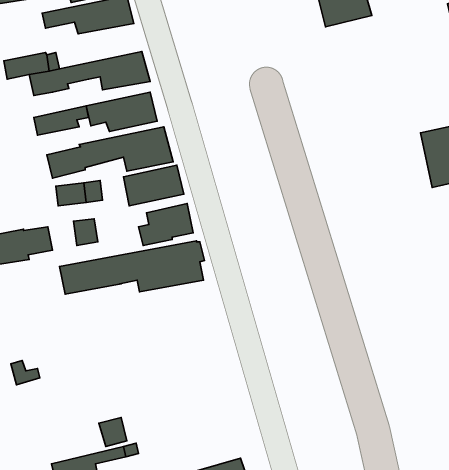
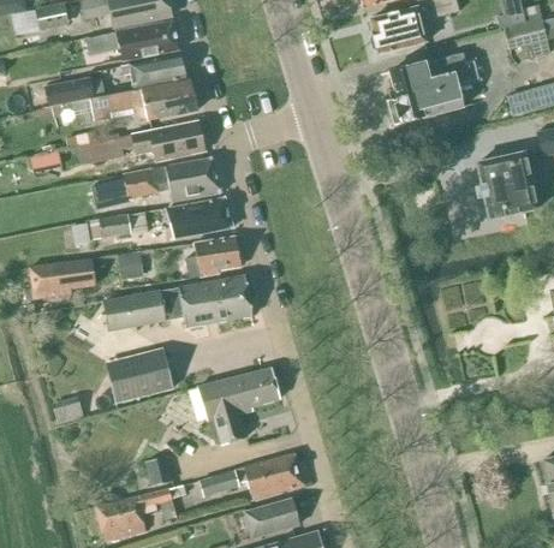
building: none -> [387,52,482,124]
building: none -> [121,54,187,88]
building: none -> [106,347,174,404]
building: none -> [199,368,279,446]
building: none -> [199,452,304,498]

